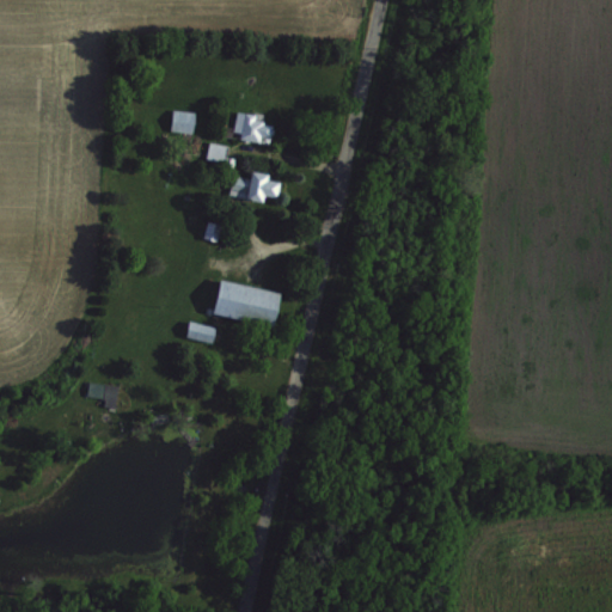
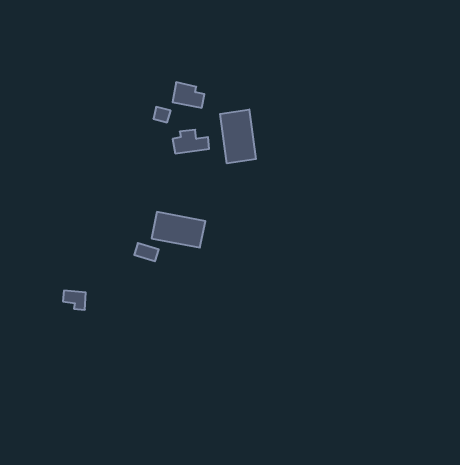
building: [171,110,198,133] -> none
building: none -> [220,109,256,163]

